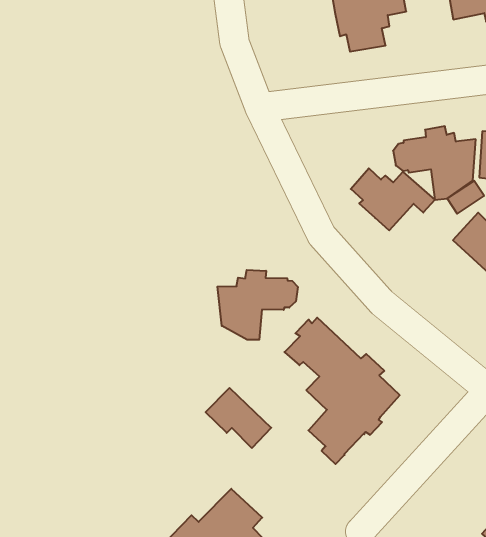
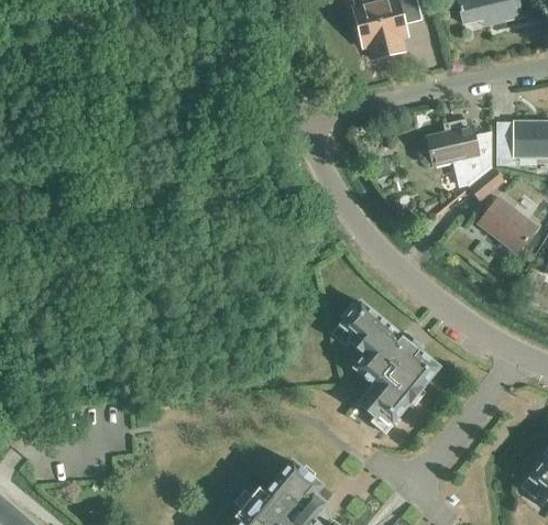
building: [351,168,435,230] -> none
building: [217,270,298,340] -> none
building: [206,388,271,448] -> none

